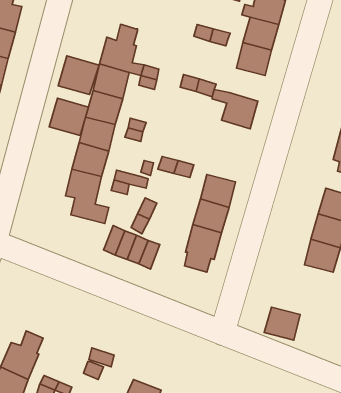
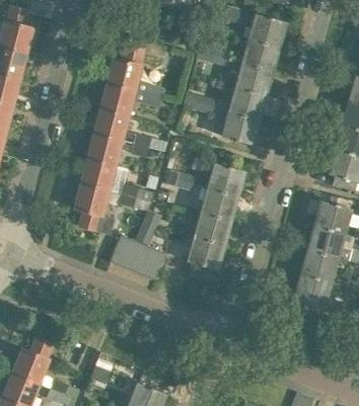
building: [58,56,99,95] -> none
building: none -> [230,86,265,117]
building: [49,98,88,136] -> none
building: none -> [209,164,243,194]
building: [264,307,300,340] -> [295,273,330,305]

